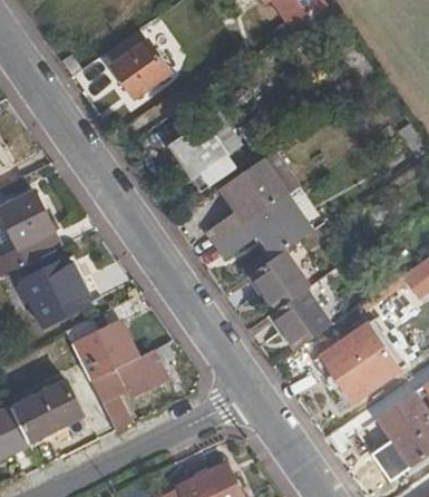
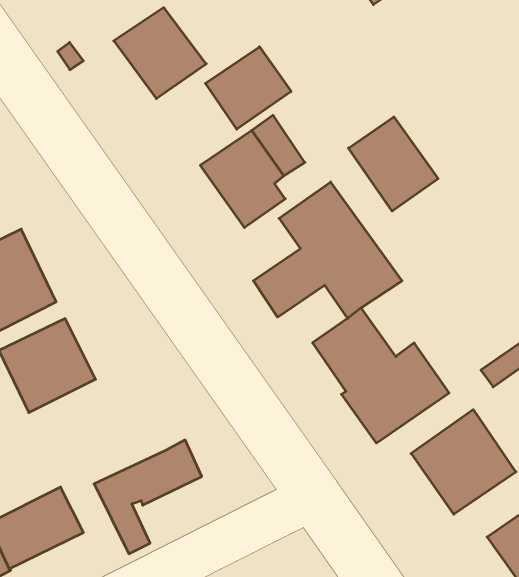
building: none -> [205,47,291,129]
building: none -> [348,117,438,211]
building: [65,316,142,380] -> none

